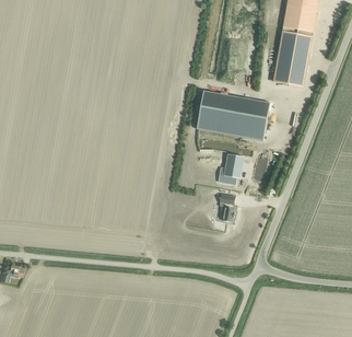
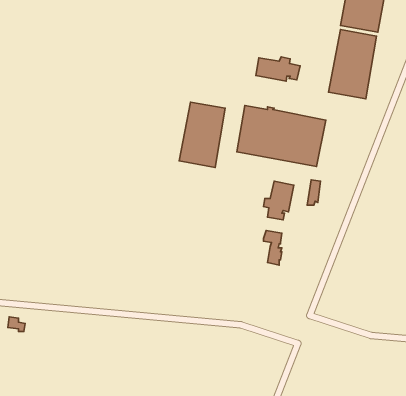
building: none -> [256,57,300,81]
building: none -> [179,102,225,167]

